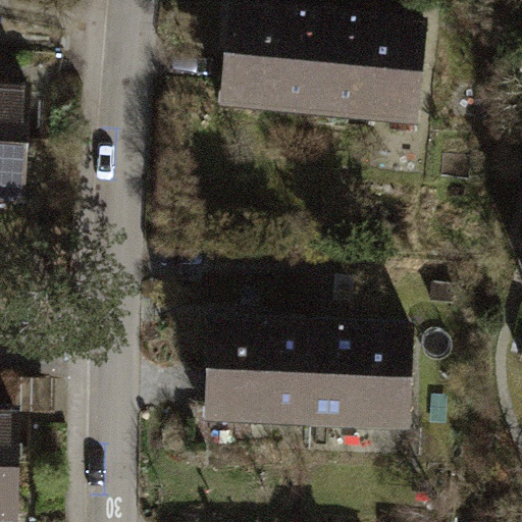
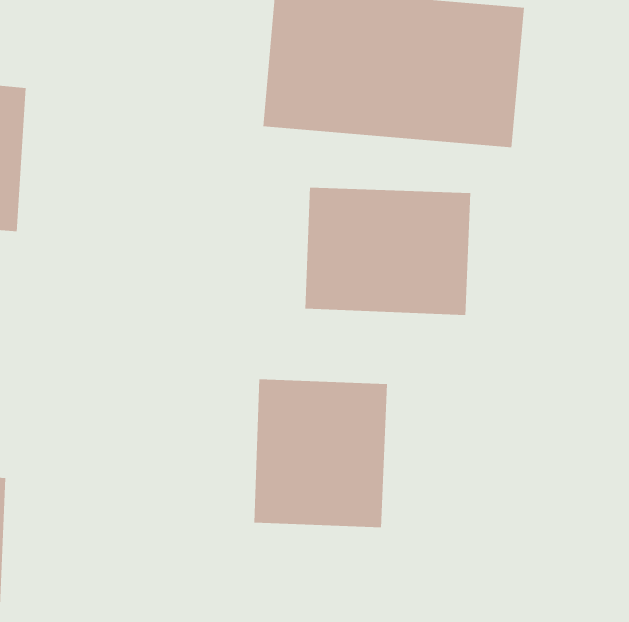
building: none -> [305,187,471,316]
building: [310,312,420,433] -> none

